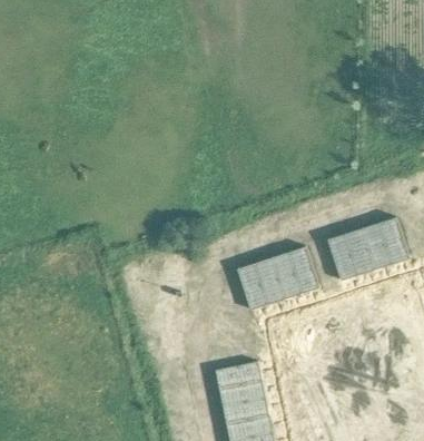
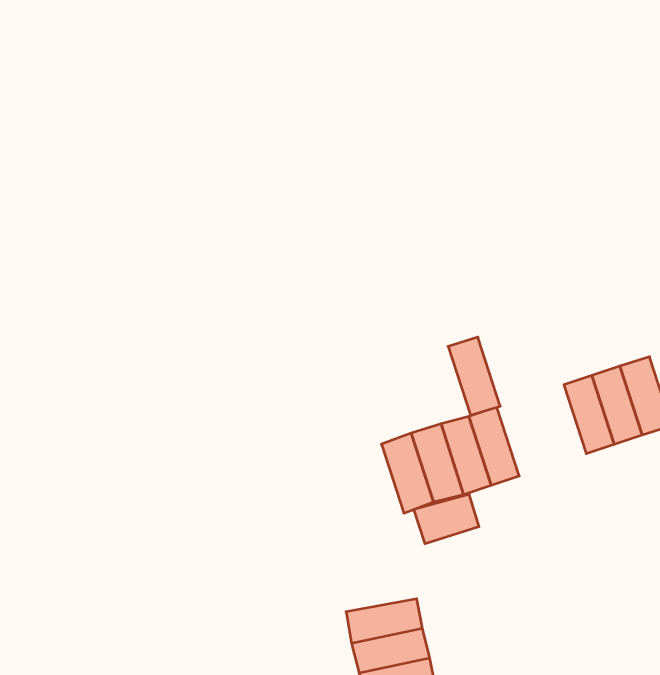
building: [327,233,358,280] -> [448,337,500,415]
building: none -> [414,494,479,544]

